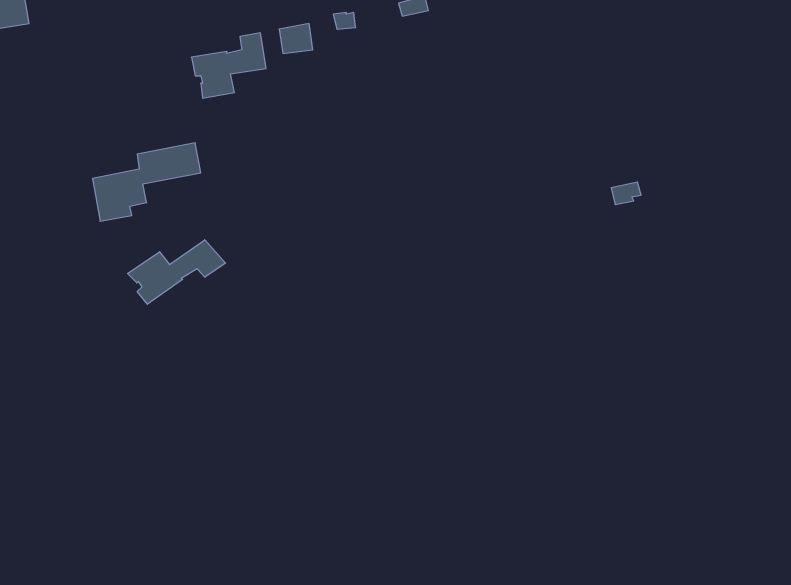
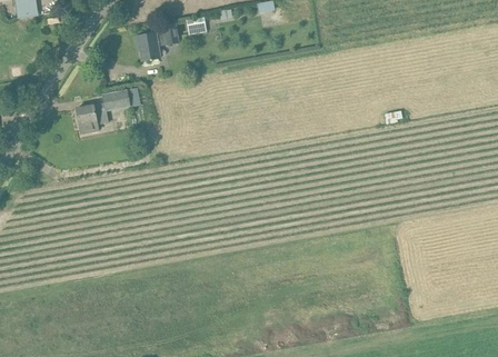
building: [128,240,226,304] -> none

